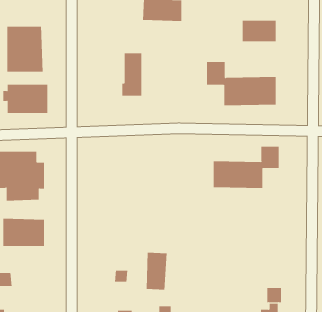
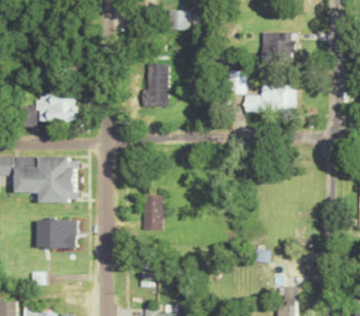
building: [7,26,43,72] -> none
building: [213,146,279,189] -> none
building: [146,252,167,290] -> [142,193,163,229]

